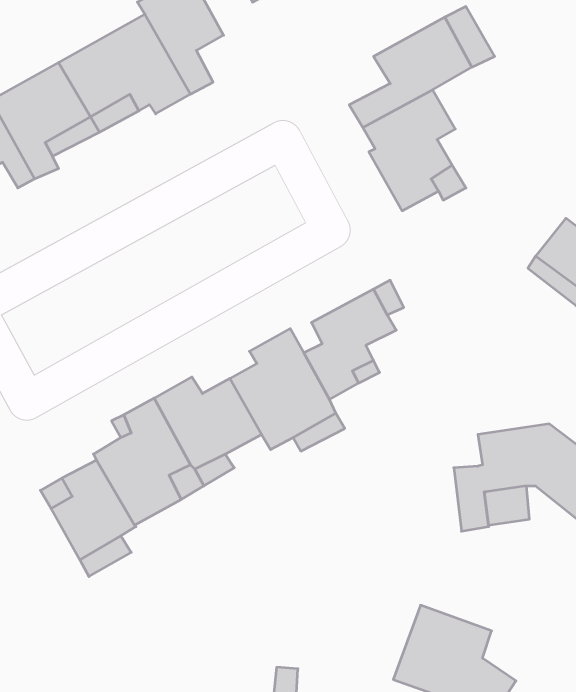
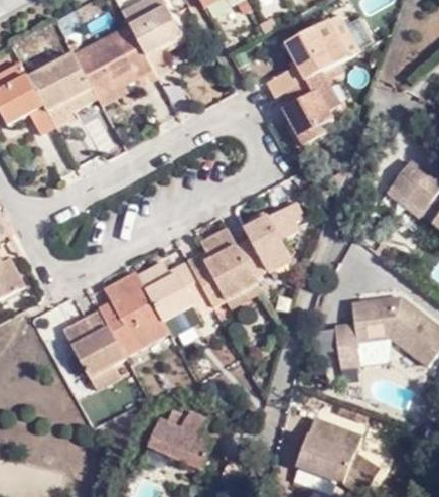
building: none -> [146,407,213,463]

